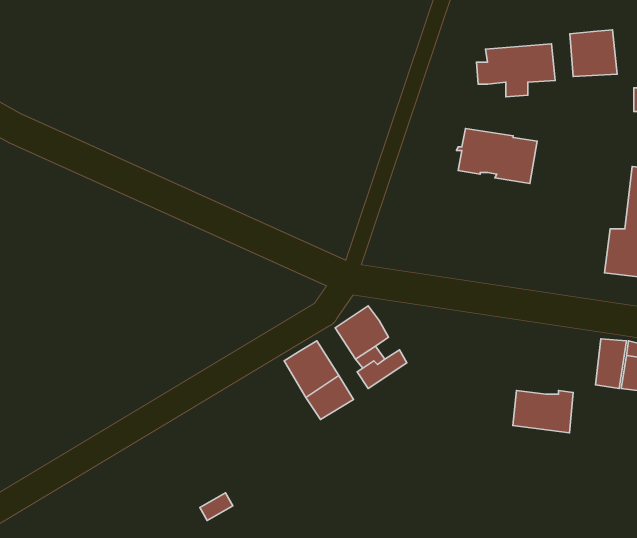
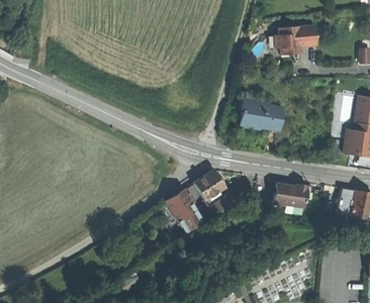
building: [570,30,617,77] -> none
building: [456,128,537,183] -> [238,100,282,130]
building: [513,391,573,433] -> [276,185,309,208]

